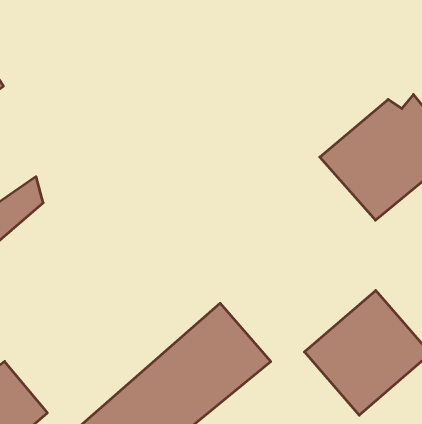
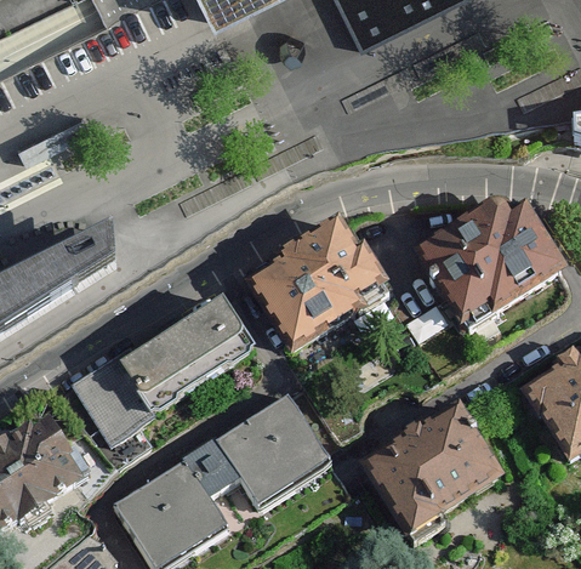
building: none -> [250,218,386,347]
building: none -> [70,296,256,442]

